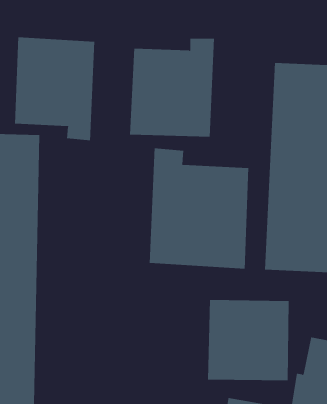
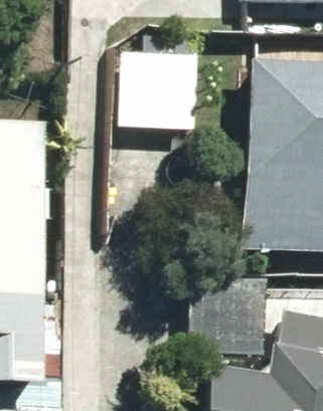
building: [15,36,95,141] -> none
building: [149,147,249,269] -> none

